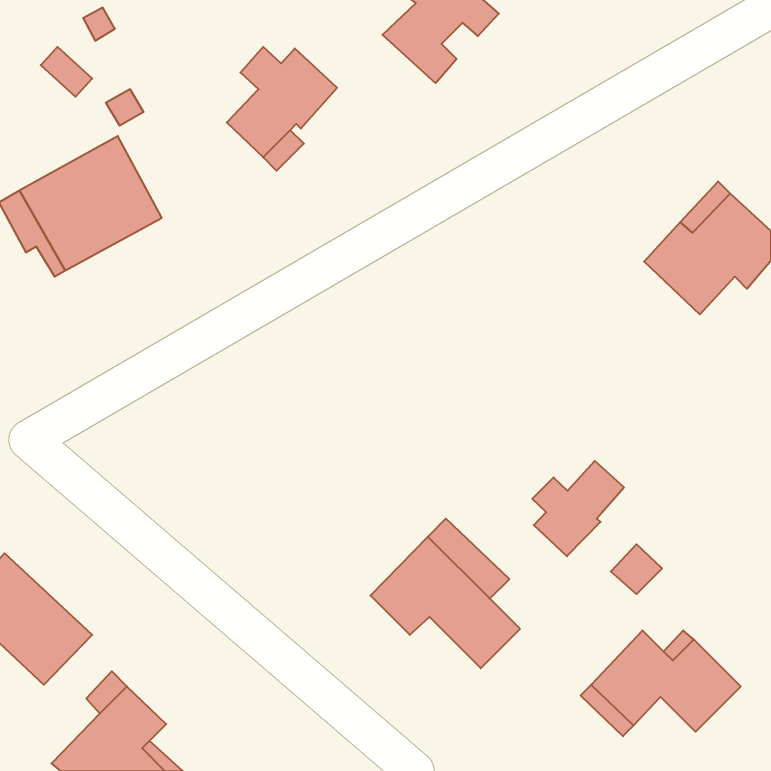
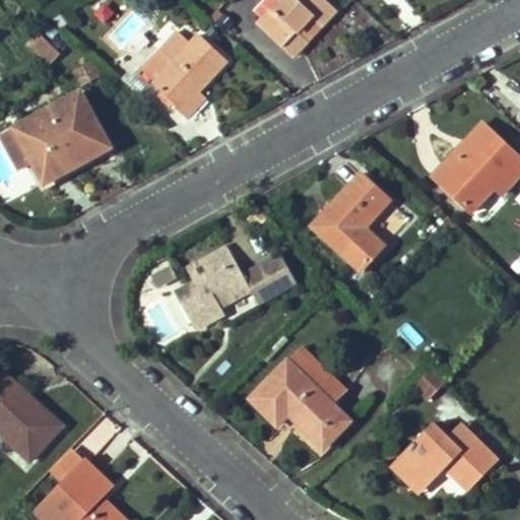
building: none -> [309,174,388,268]
building: none -> [177,248,295,328]
building: [532,461,624,556] -> none

